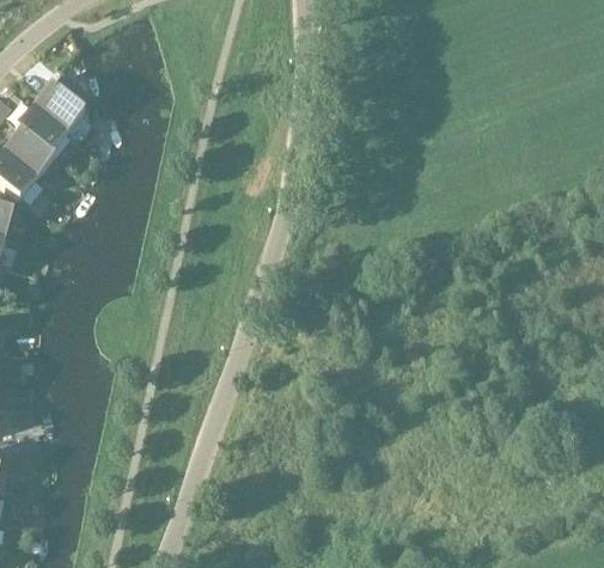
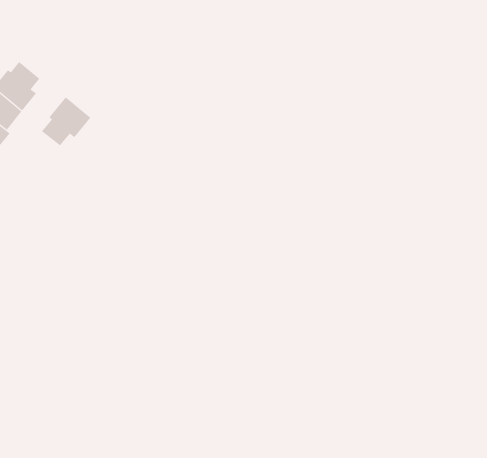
building: none -> [41,97,91,146]

